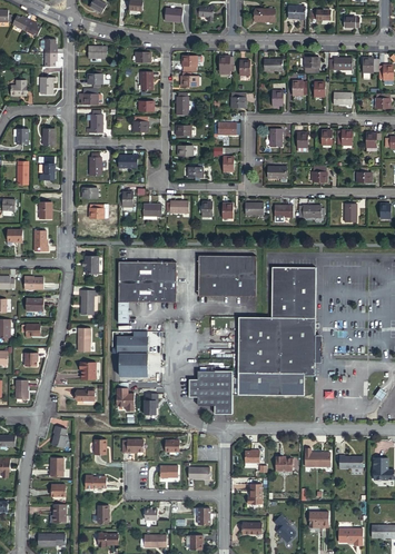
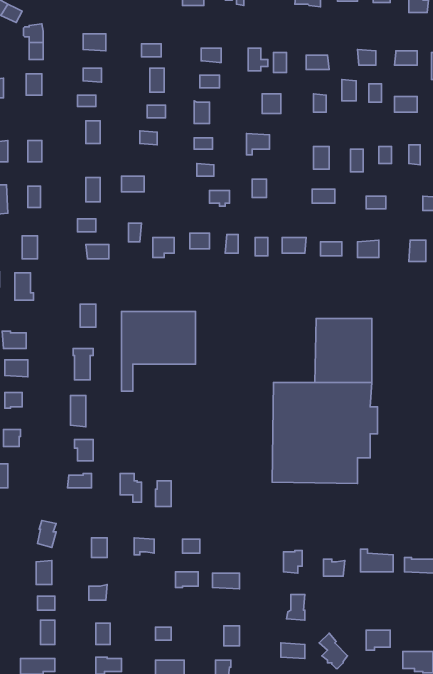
building: [197,255,254,296] -> none
building: [118,336,148,376] -> none
building: [189,369,233,413] -> none

